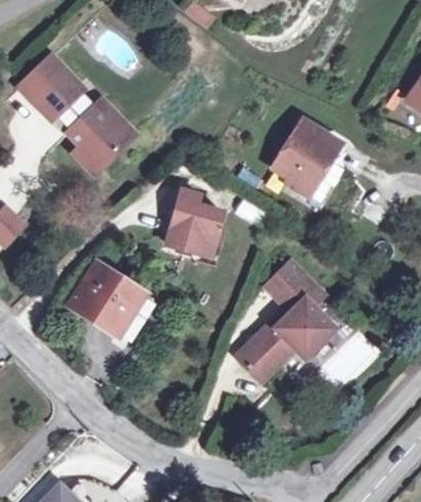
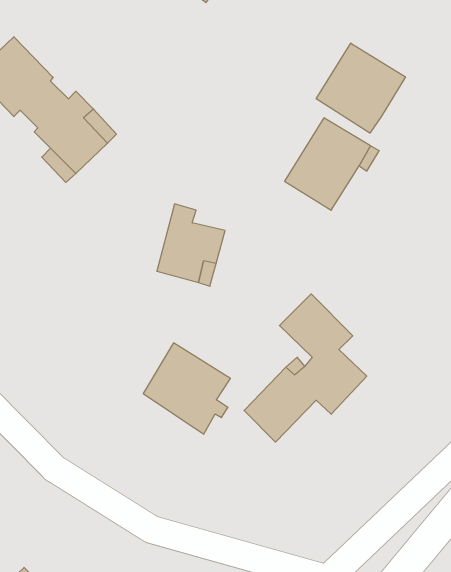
building: none -> [316,43,405,133]
building: [73,264,143,337] -> [143,343,230,434]

